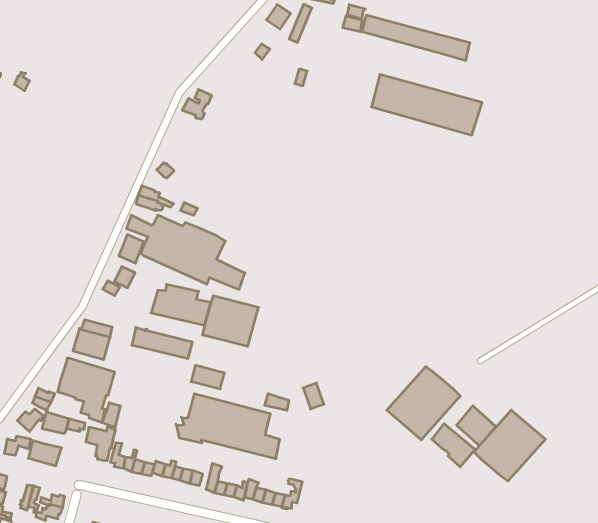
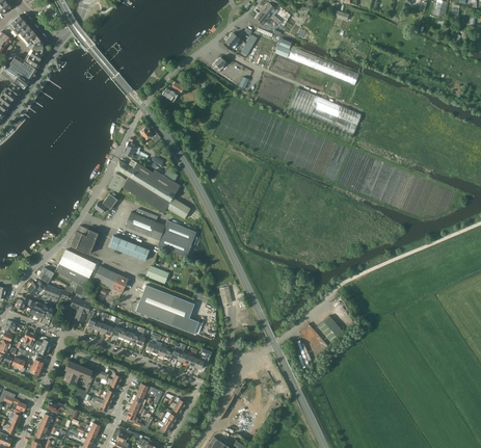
building: [387,367,460,440] -> none
building: none -> [92,265,128,292]
building: [474,410,545,481] -> none

